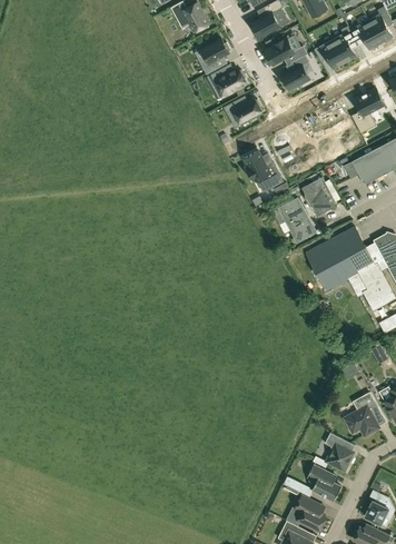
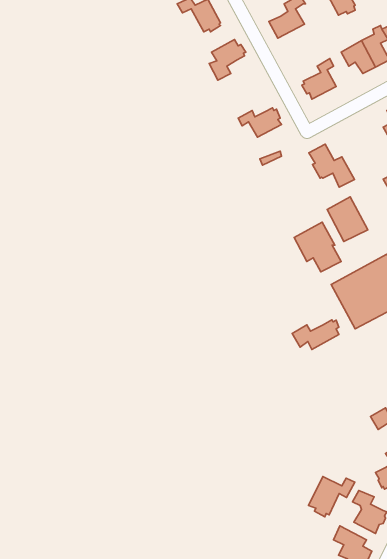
building: [265,38,308,65] -> none
building: [205,68,246,97] -> none
building: [244,150,284,188] -> [309,144,355,187]
building: none -> [292,320,339,349]
building: none -> [308,476,355,517]

